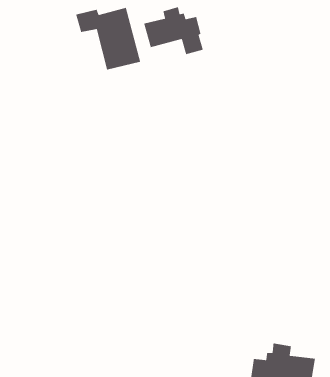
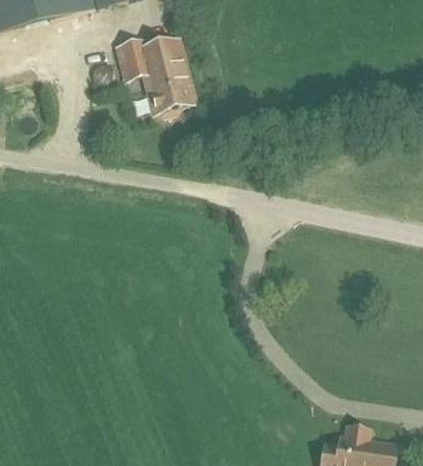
building: [143,6,204,55] -> none

